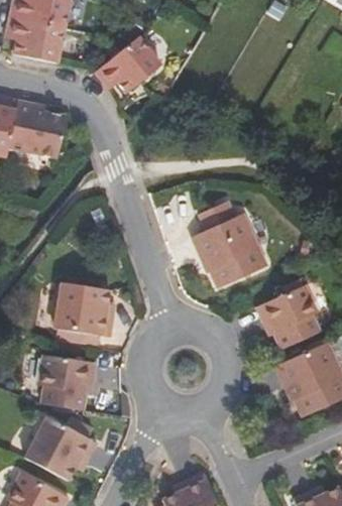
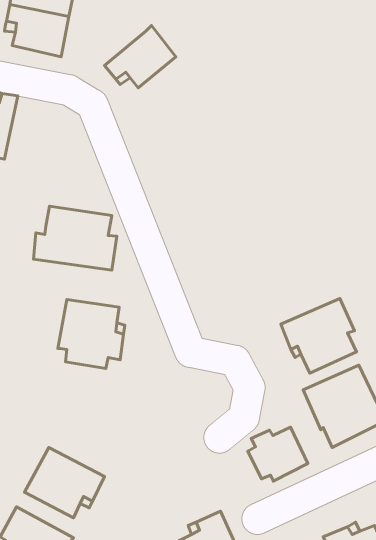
building: [7,99,66,156] -> none
building: none -> [34,206,117,270]
building: [192,213,266,286] -> none
building: [33,353,95,410] -> none
building: none -> [248,427,308,481]

